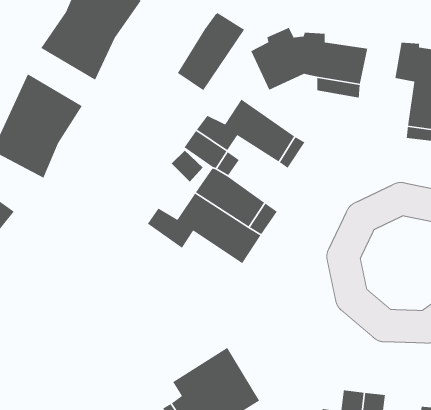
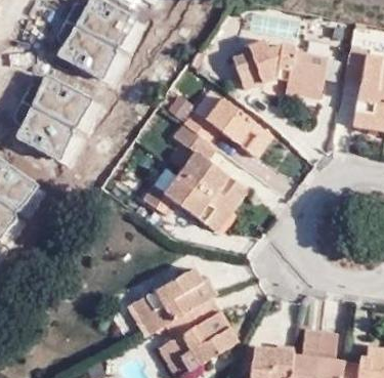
building: [177,12,245,91] -> none
building: none -> [129,266,216,336]

